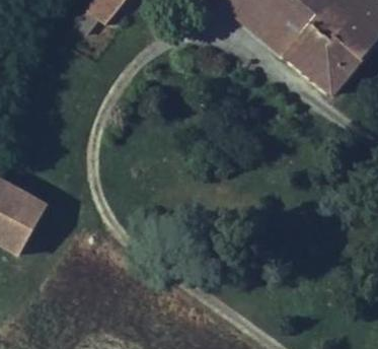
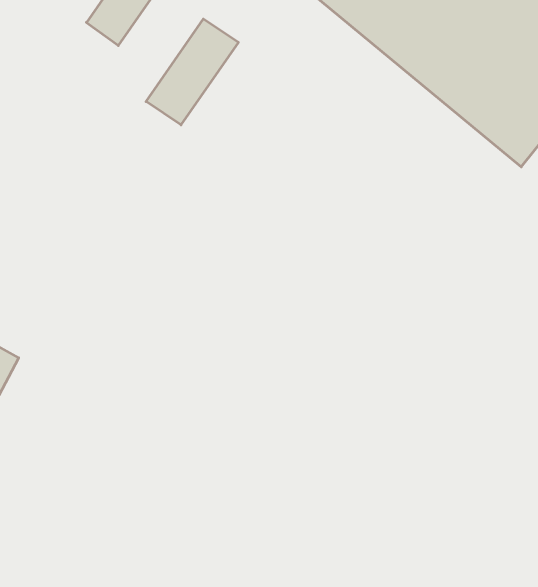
building: none -> [146,19,238,125]

